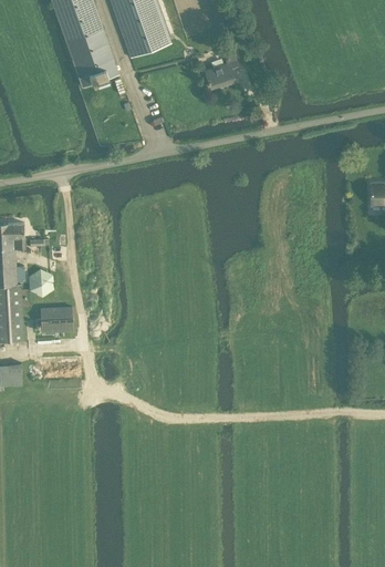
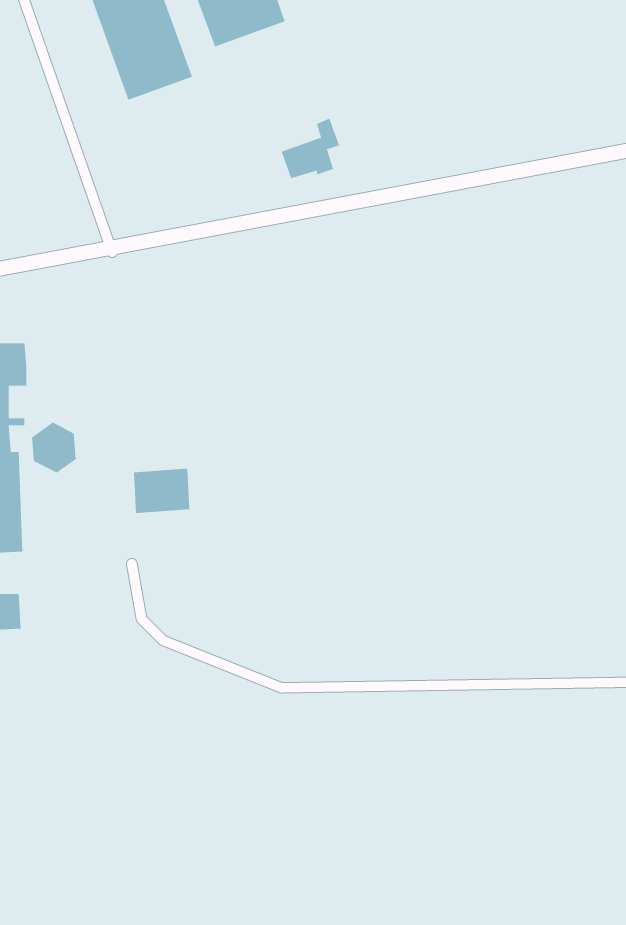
building: [206,52,239,86] -> [281,118,340,179]
building: [41,306,73,331] -> [133,468,190,513]

